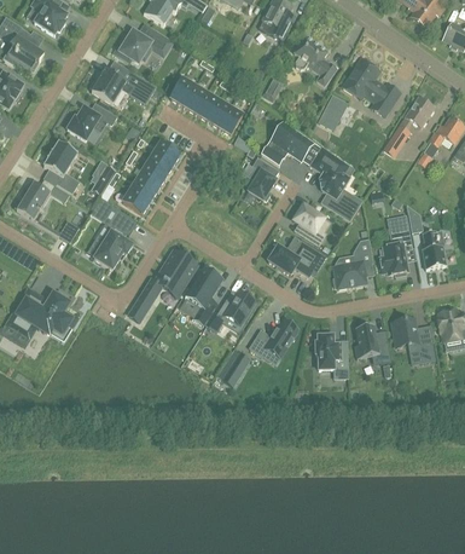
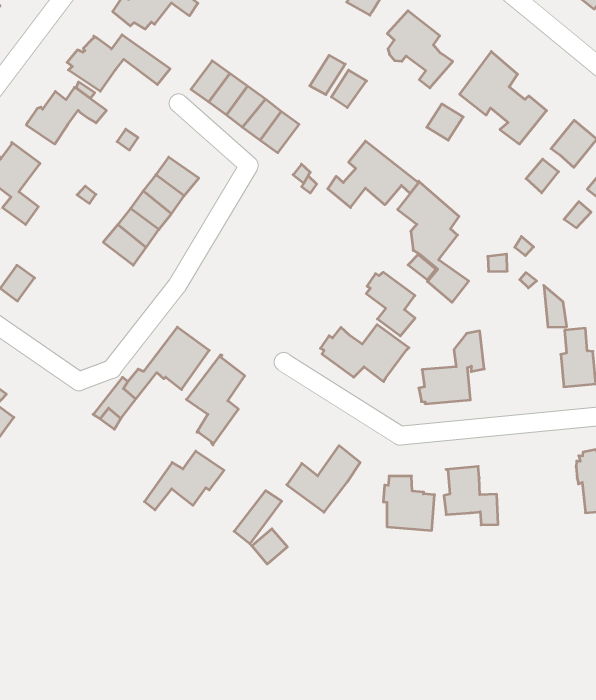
building: [246,157,277,202] -> none
building: [88,198,138,270] -> none
building: [379,215,412,277] -> none
building: [209,292,258,331] -> [144,451,224,510]
building: [391,318,435,363] -> none

